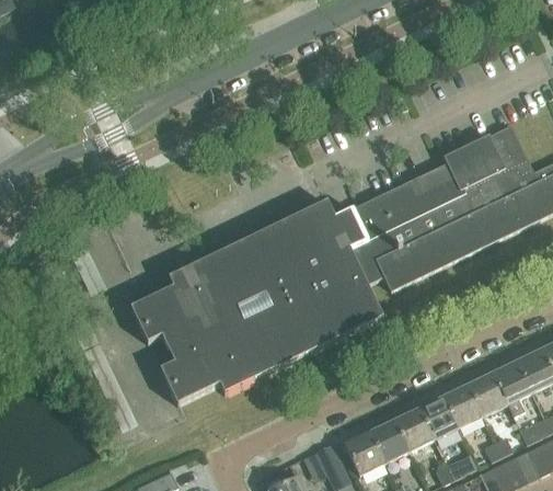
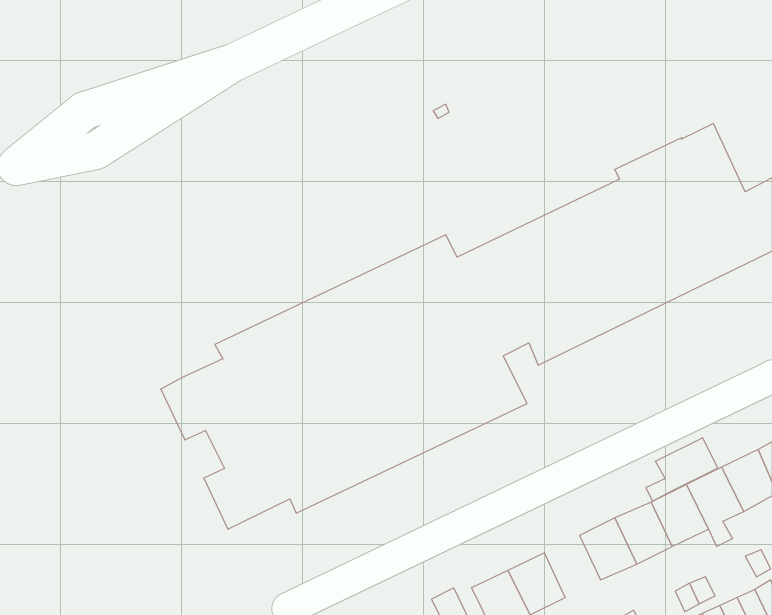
building: none -> [646,438,718,501]
building: [395,408,434,450] -> none

